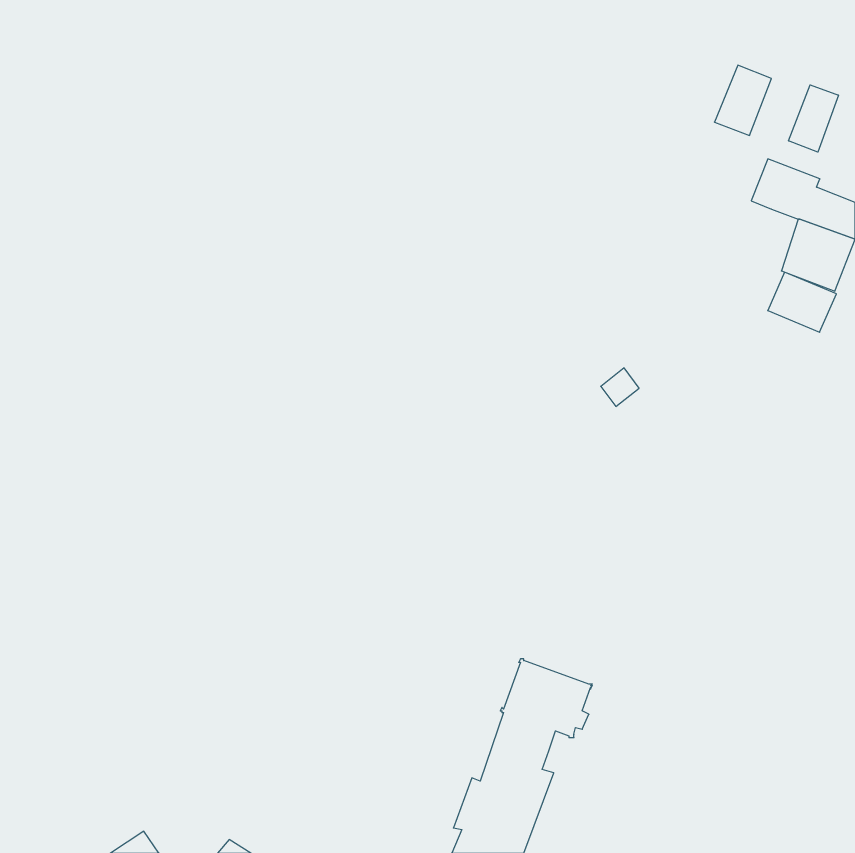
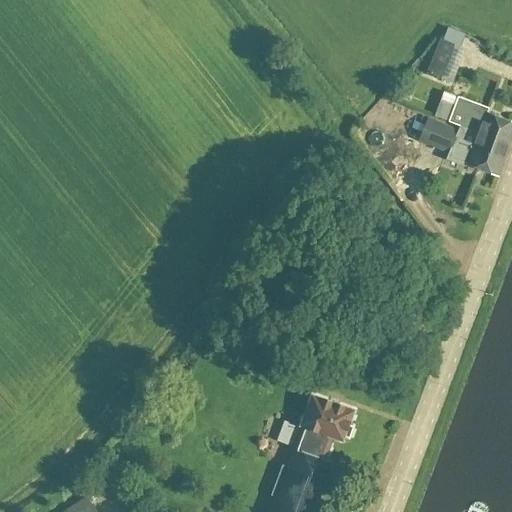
building: [789,85,838,152] -> none
building: [768,272,836,332] -> [418,118,459,154]

